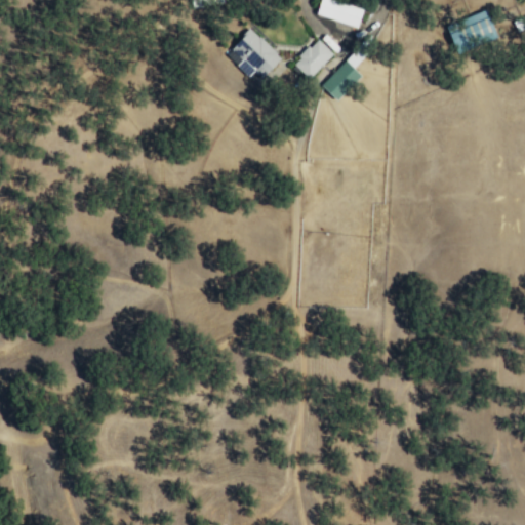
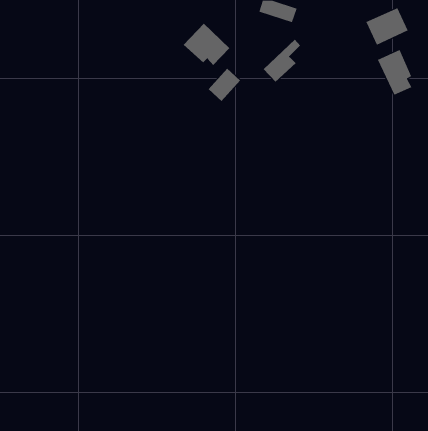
building: [294,39,334,80] -> [208,68,241,102]
building: none -> [377,49,412,96]

